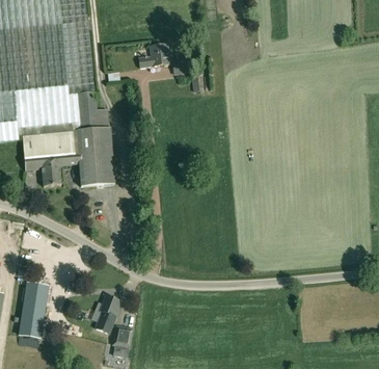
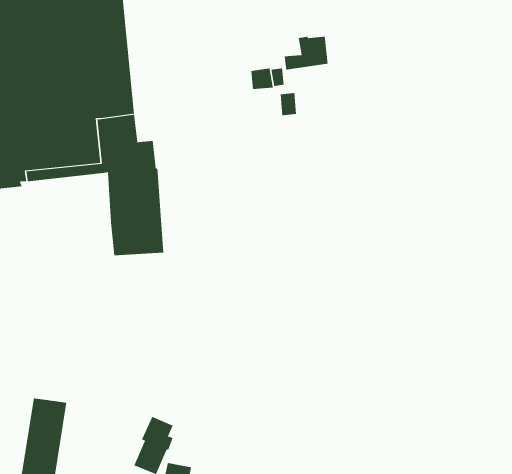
building: [138,44,168,67] -> [284,36,328,70]
building: [21,130,77,185] -> none

